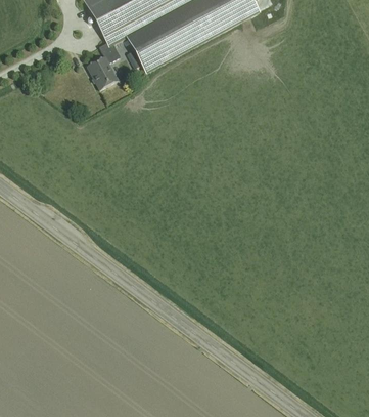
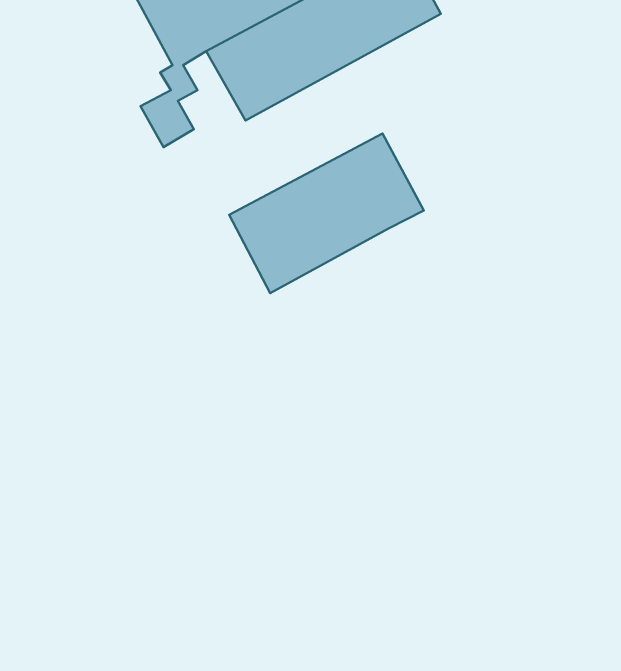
building: none -> [229,133,424,293]

